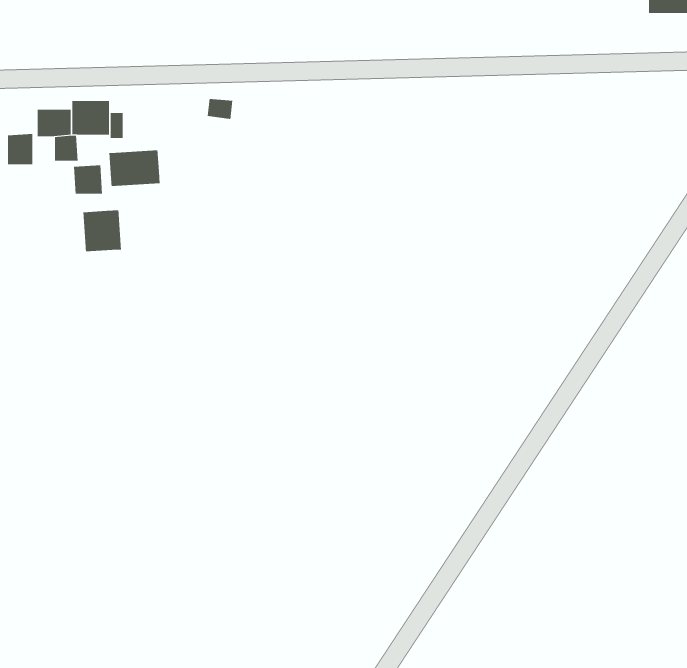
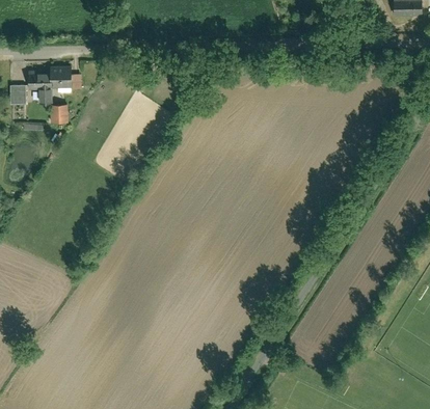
building: [109,149,160,187] -> none
building: [83,209,121,252] -> none

